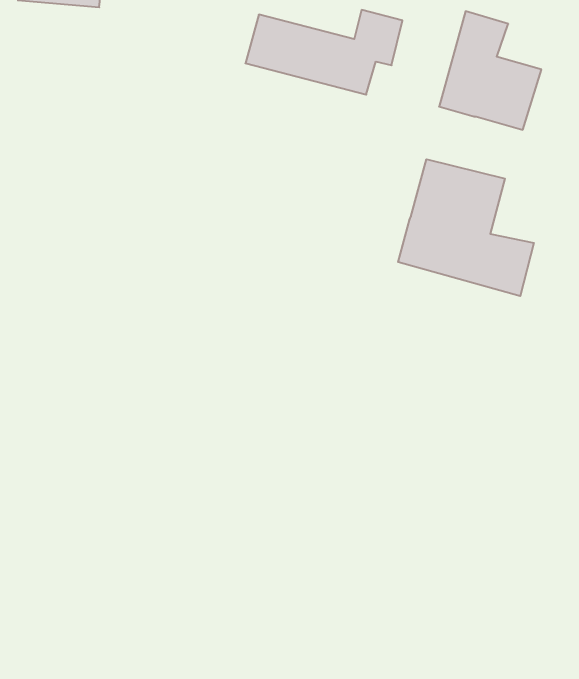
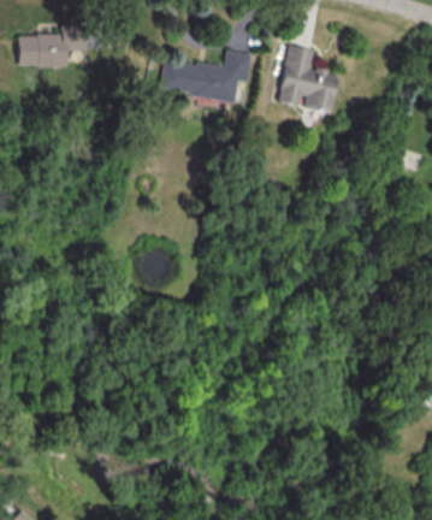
building: [398,159,534,296] -> none

